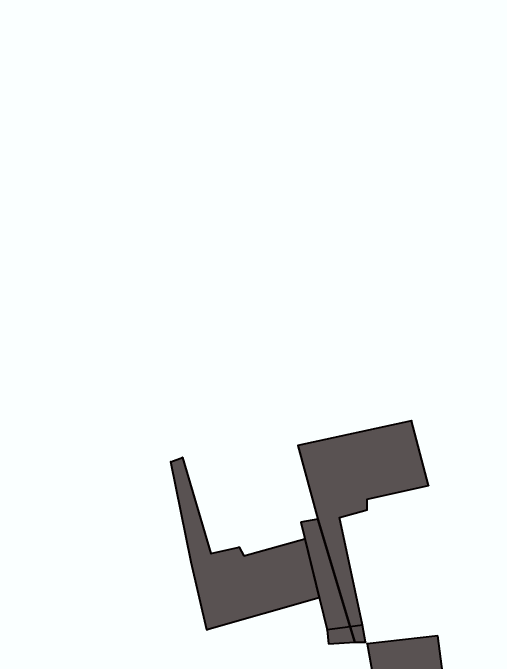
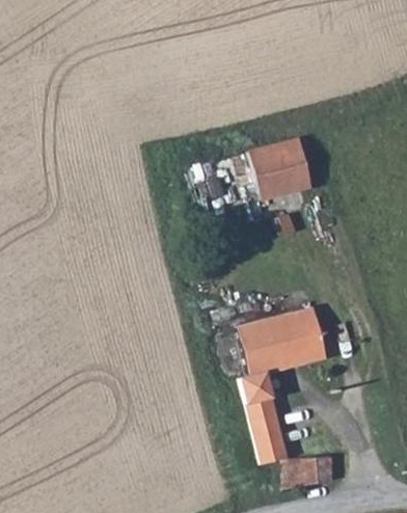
building: none -> [252,145,310,201]
building: [171,457,319,630] -> none

